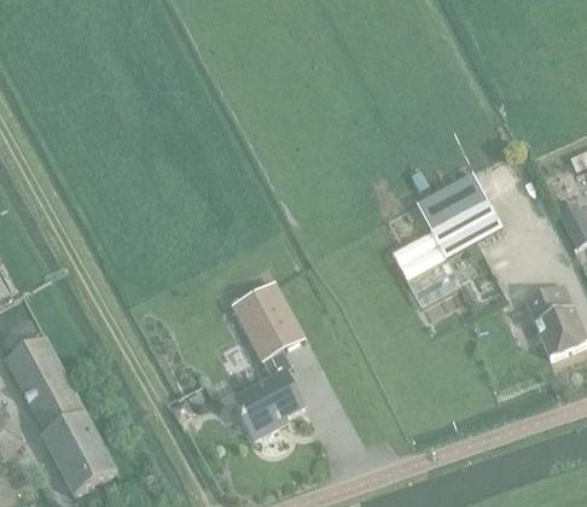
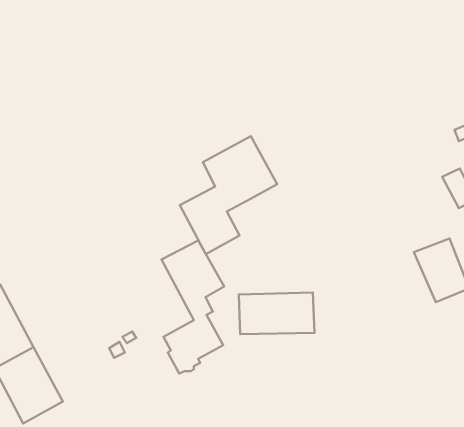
building: [389,171,501,308] -> [180,136,277,254]
building: none -> [239,292,315,334]

